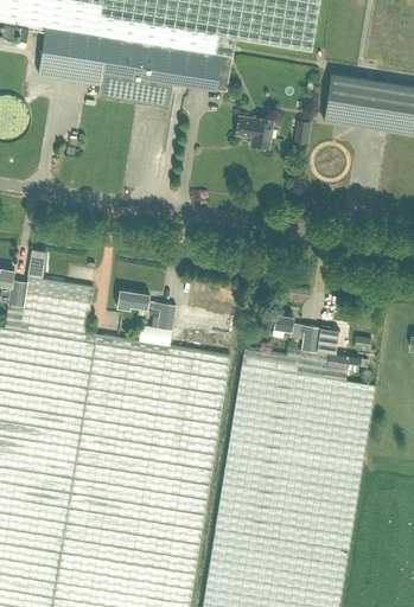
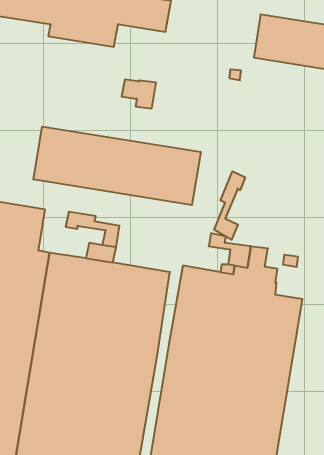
building: [235,116,273,148] -> [122,79,156,108]
building: none -> [33,127,201,205]
building: none -> [214,171,245,240]

